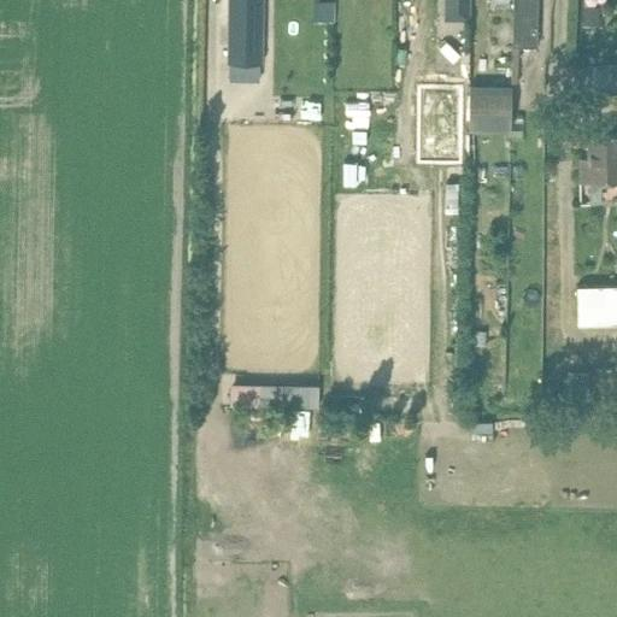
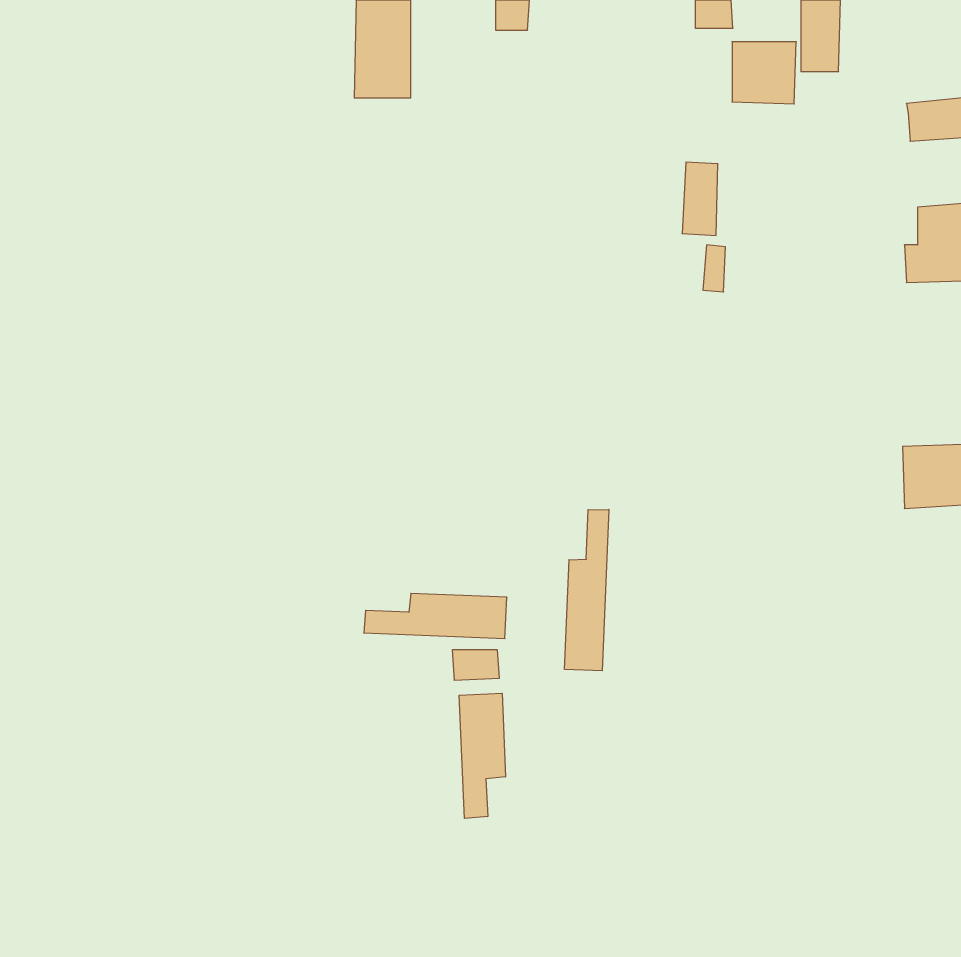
building: [471,92,512,131] -> [732,42,796,104]
building: none -> [565,509,609,671]
building: none -> [459,693,505,818]

